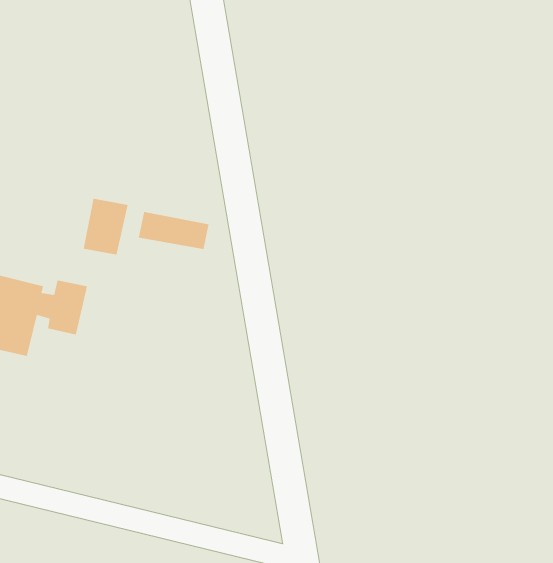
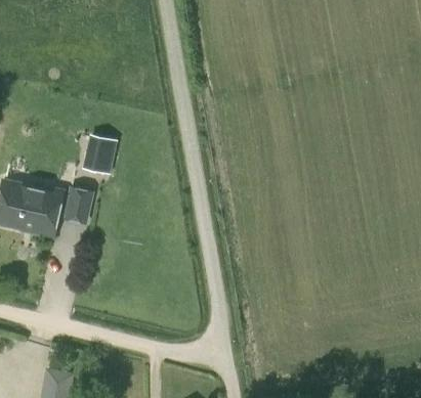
building: [138,211,209,250] -> none

